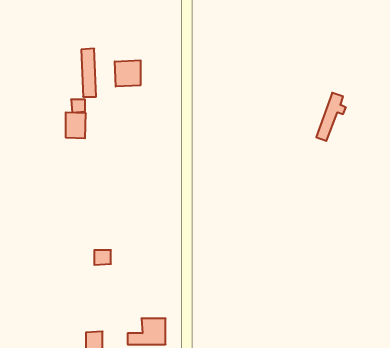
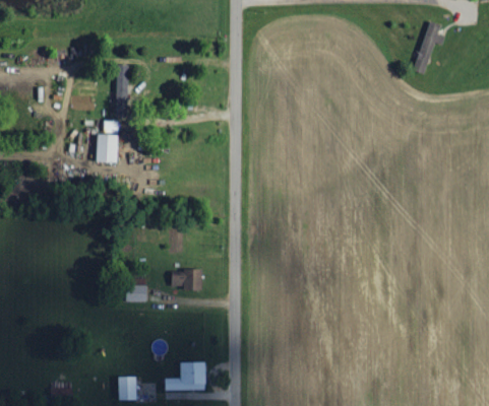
building: [115,60,141,87] -> none
building: [316,93,346,141] -> [412,21,444,74]
building: none -> [171,270,202,290]

